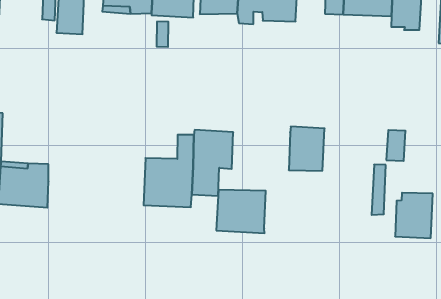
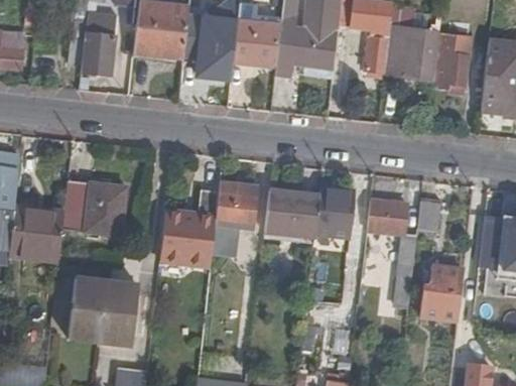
building: none -> [367,197,408,232]
building: none -> [63,178,128,234]
building: [216,190,266,233] -> [265,188,319,237]
building: none -> [69,278,141,344]

